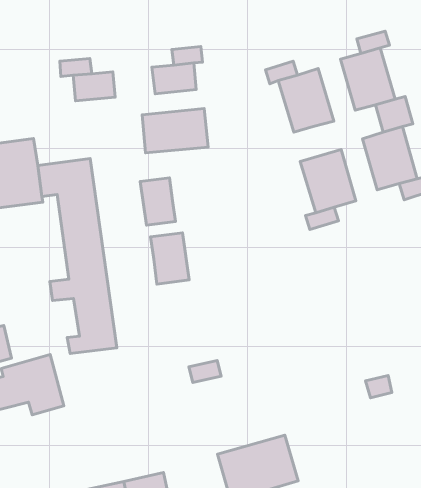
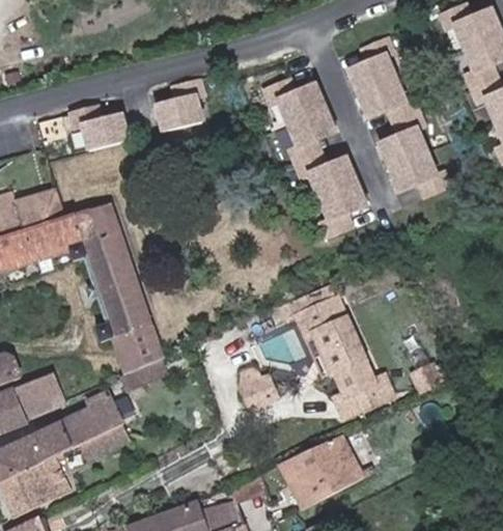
building: [142,108,208,153] -> none
building: none -> [295,137,333,175]
building: [140,178,176,225] -> none
building: [150,233,189,284] -> none
building: none -> [290,292,397,420]

